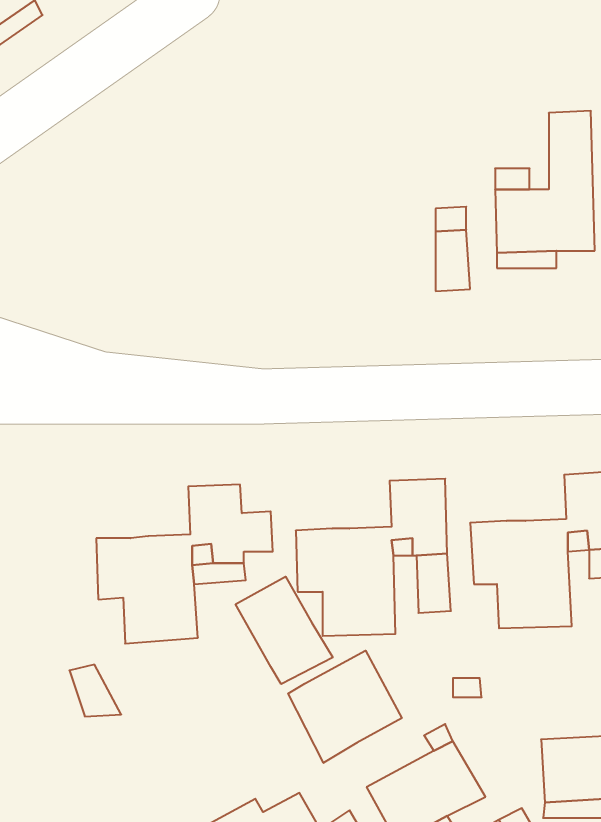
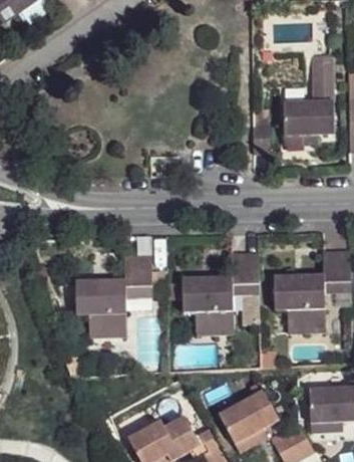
building: [236,577,333,684] -> none
building: [288,651,402,763] -> none

